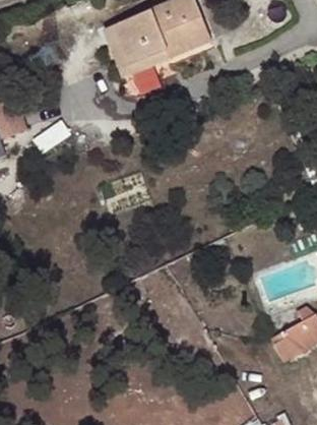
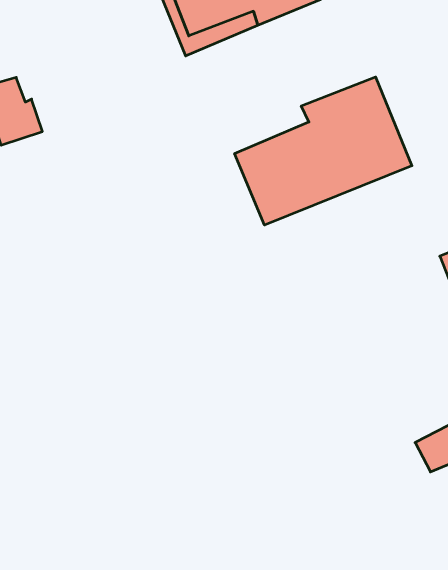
building: none -> [235,77,412,225]

